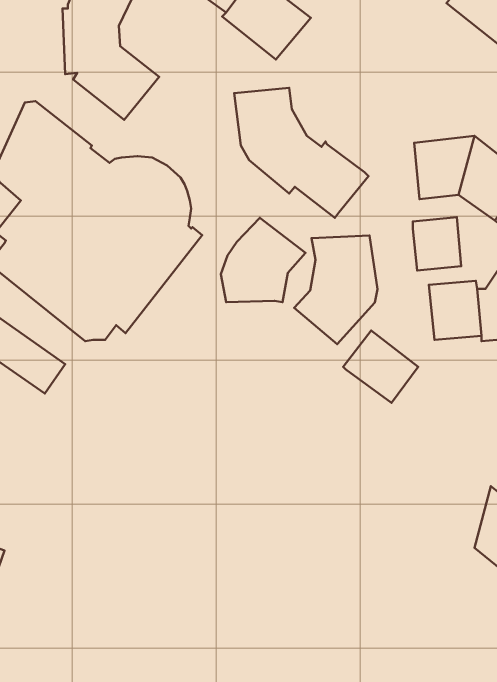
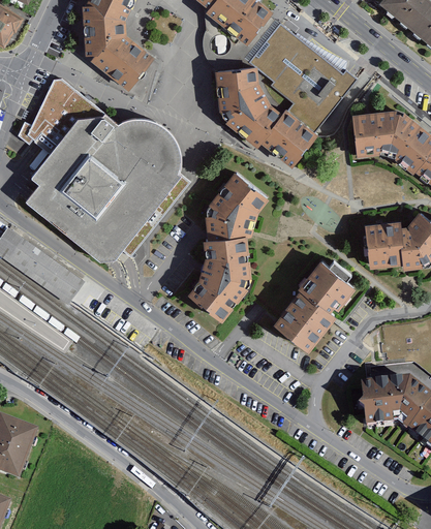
building: none -> [244,19,359,133]
building: [413,217,461,271] -> none
building: [294,236,377,344] -> [187,232,251,316]
building: none -> [274,285,335,345]
building: none -> [361,375,411,427]

